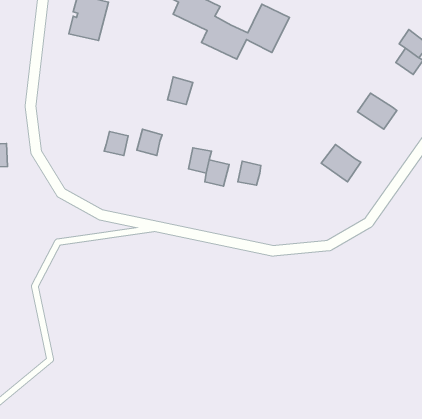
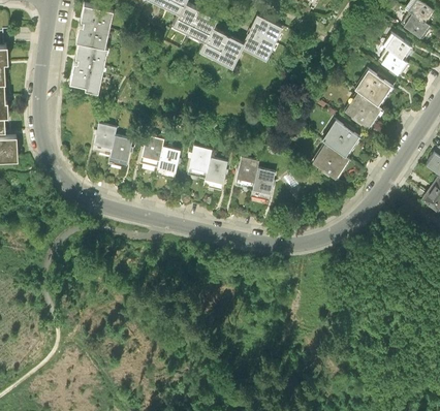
building: none -> [70,43,107,92]
building: none -> [356,75,394,112]
building: [168,77,193,104] -> [156,144,180,169]
building: none -> [91,122,115,147]
building: none -> [322,125,358,160]
building: none -> [251,173,274,196]

